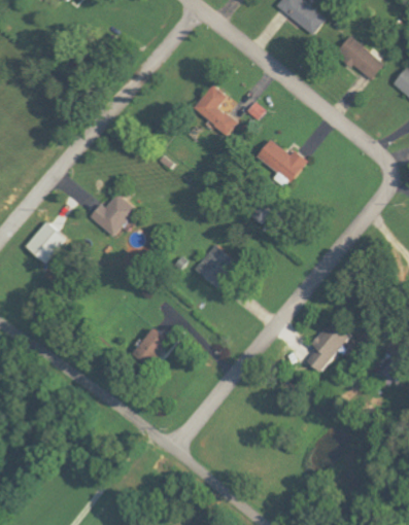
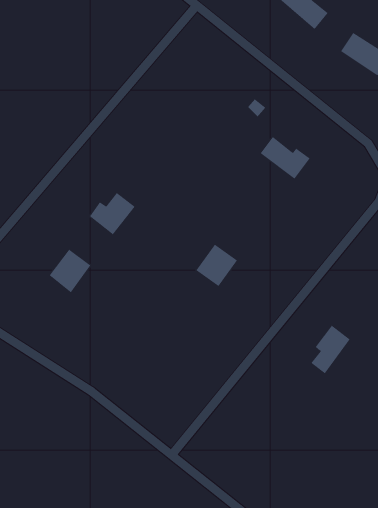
building: [192,84,235,134] -> none
building: [27,221,68,265] -> [49,249,91,293]
building: [134,327,168,362] -> none

